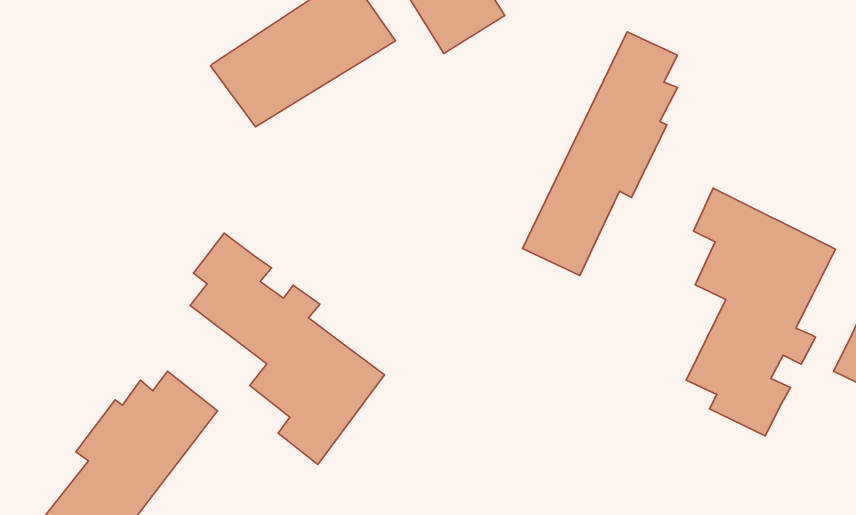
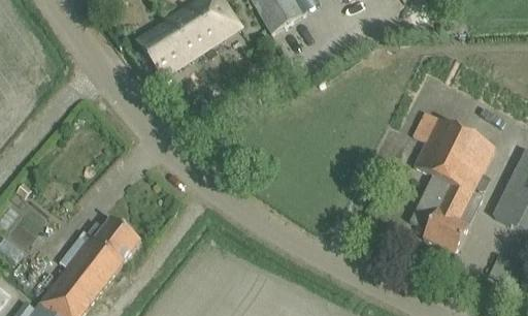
building: [522,32,678,275] -> none
building: [190,233,384,465] -> none

